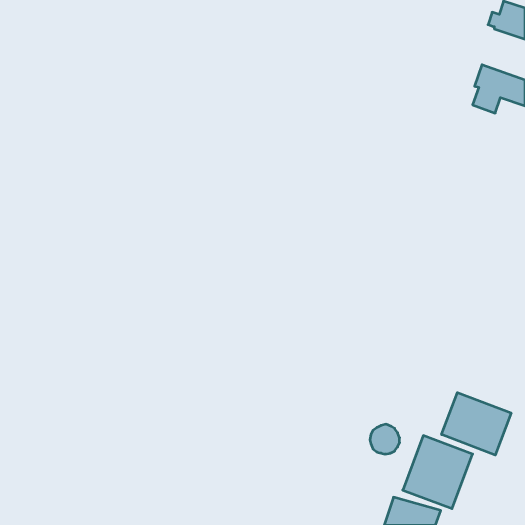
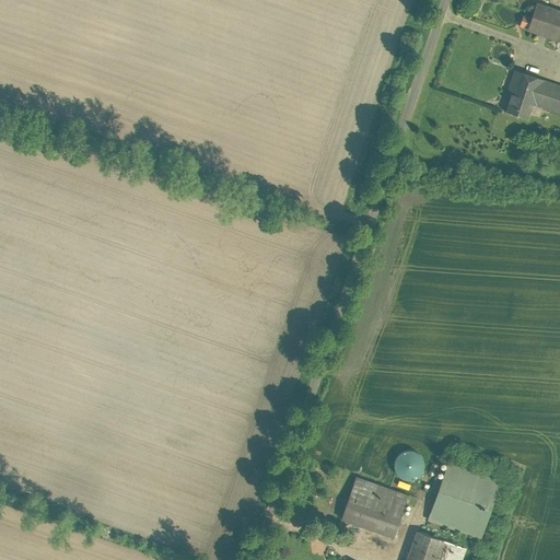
building: [442,393,511,455] -> none
building: none -> [340,477,410,541]

